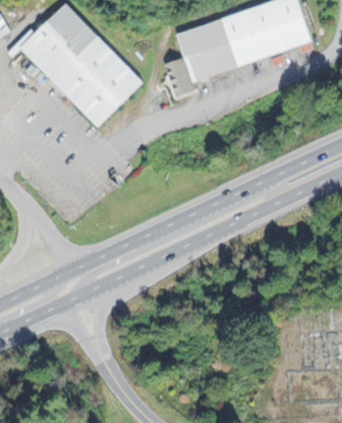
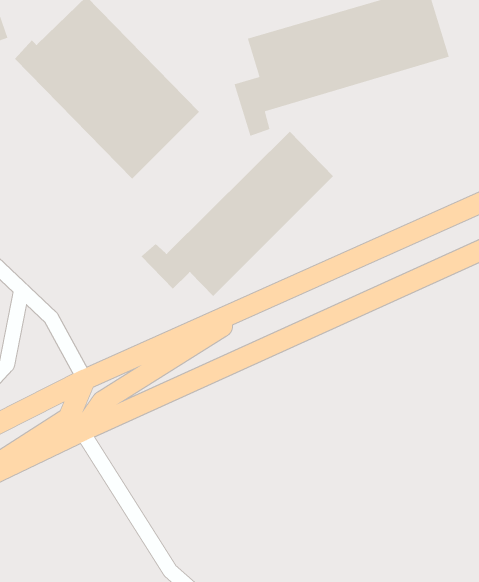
building: none -> [141,131,334,297]

